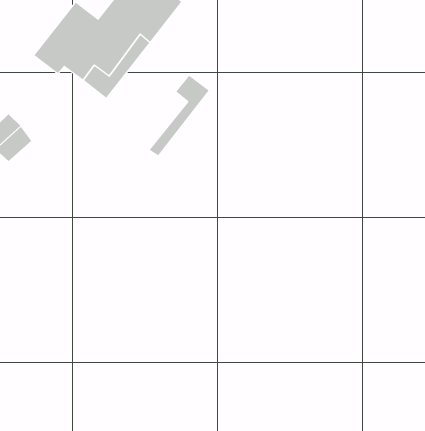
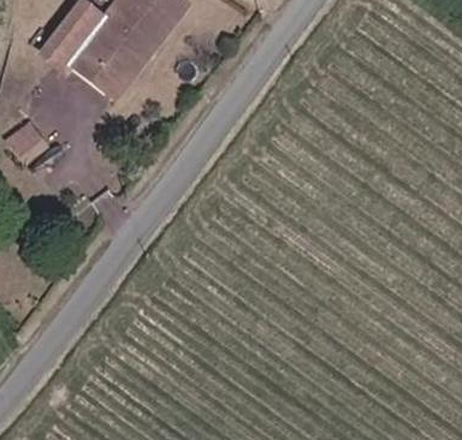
building: [149,75,209,156] -> none

